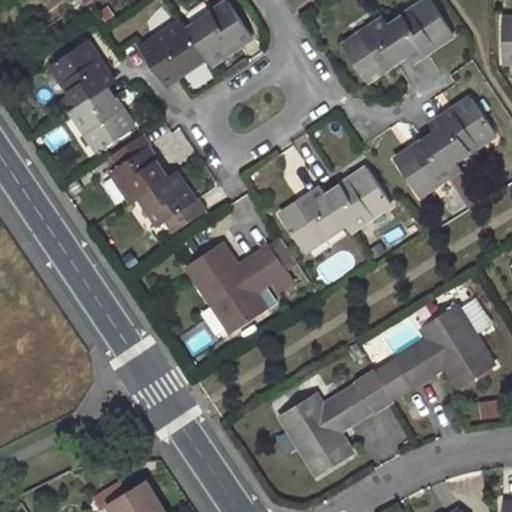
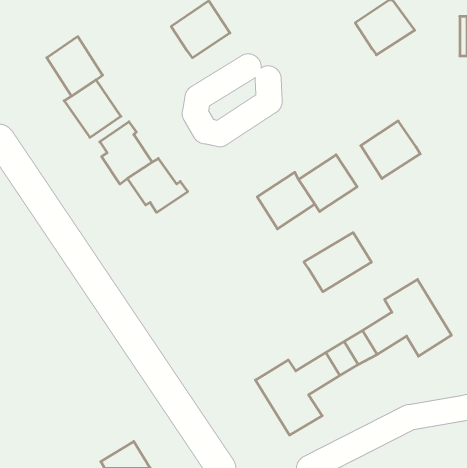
building: [342,19,406,81] -> none
building: [140,21,204,83] -> none
building: [430,97,495,160] -> none
building: [186,241,286,332] -> none
building: none -> [304,233,371,292]

